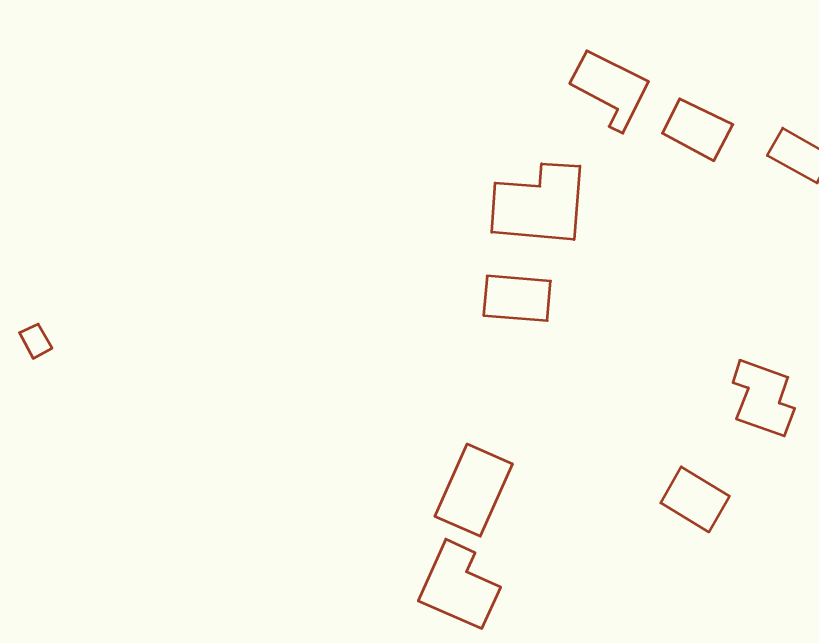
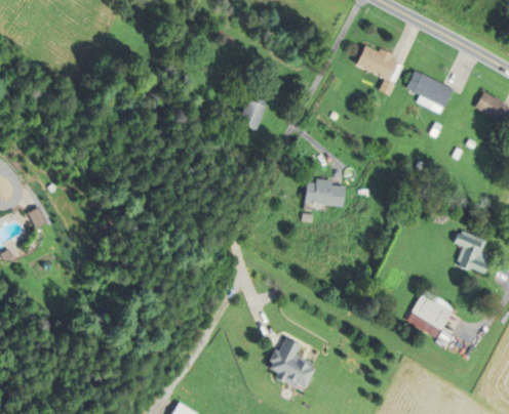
building: none -> [238,98,265,129]
building: [492,164,580,240] -> none
building: [435,444,512,536] -> none

